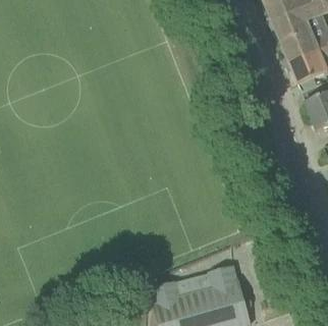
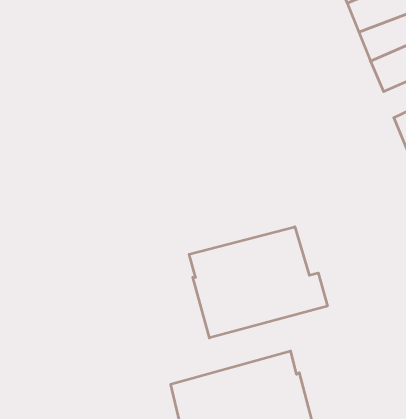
building: none -> [189,227,327,338]

